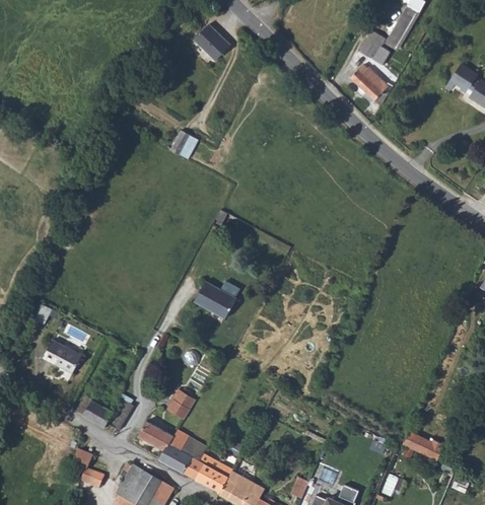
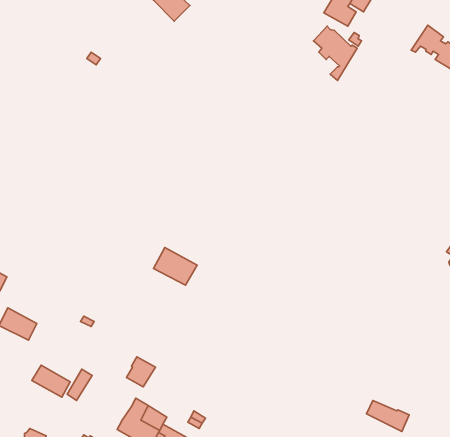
building: [171,130,200,158] -> none
building: [138,421,172,449] -> none

